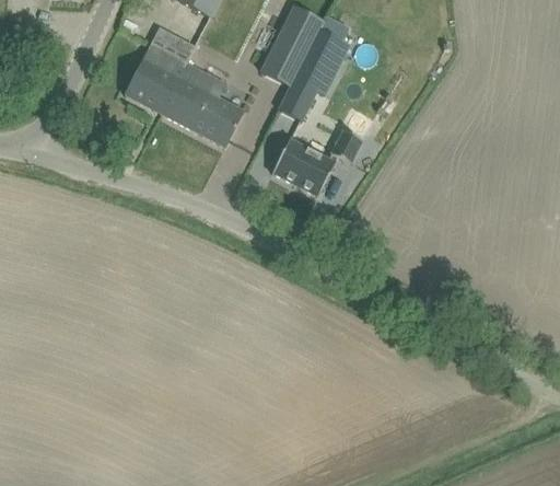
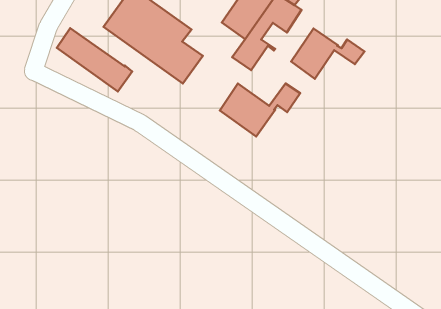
building: none -> [291,29,364,79]
building: none -> [57,28,132,92]

